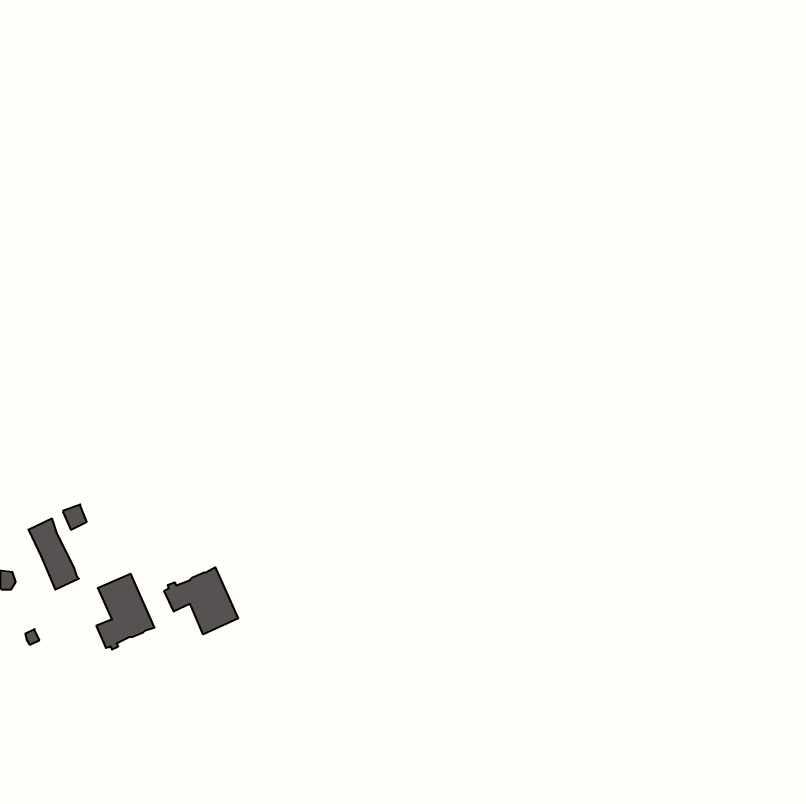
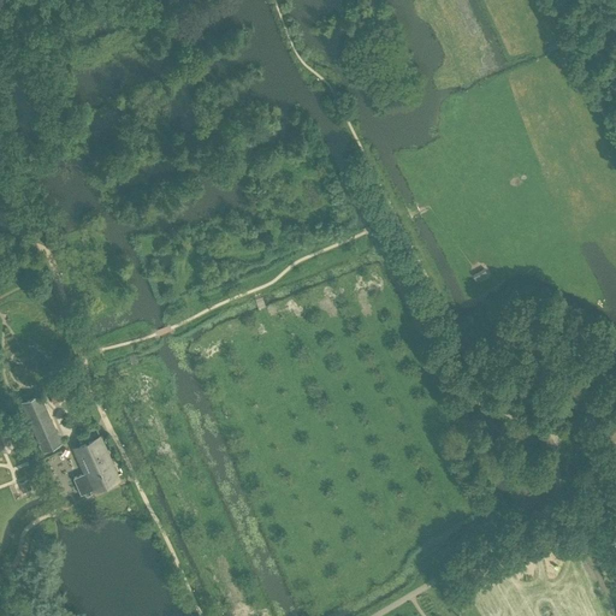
building: [164,567,238,634] -> none

